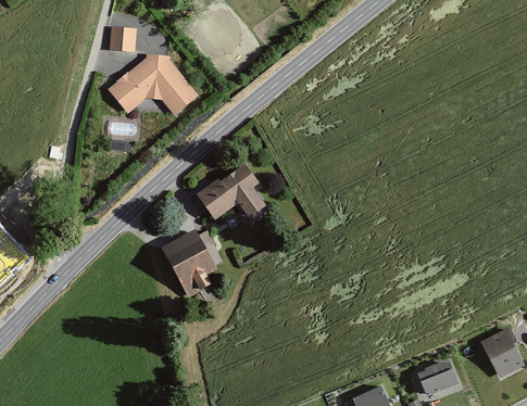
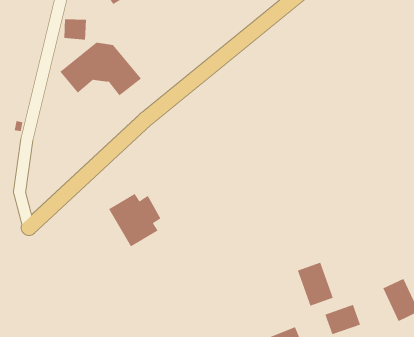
building: [198,163,264,217] -> none
building: none -> [297,262,334,306]

